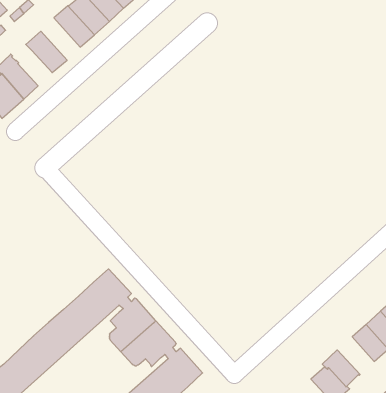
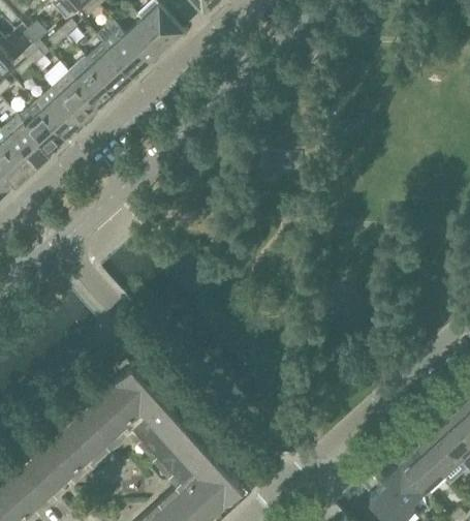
building: none -> [49,76,95,126]
building: none -> [14,108,62,156]
building: none -> [397,451,440,495]

